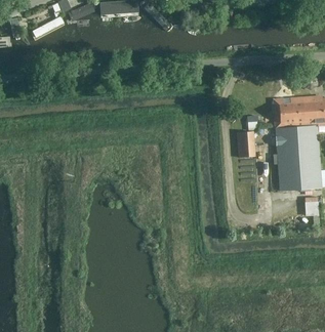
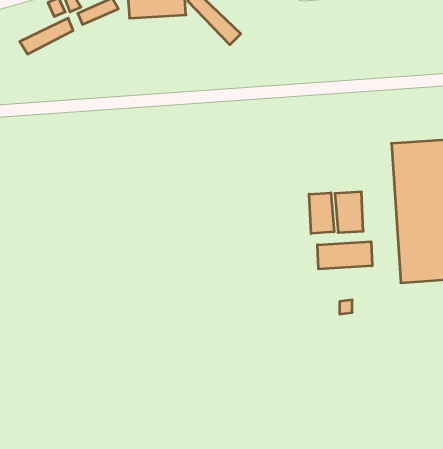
building: none -> [309,193,334,234]
building: none -> [317,242,372,269]

